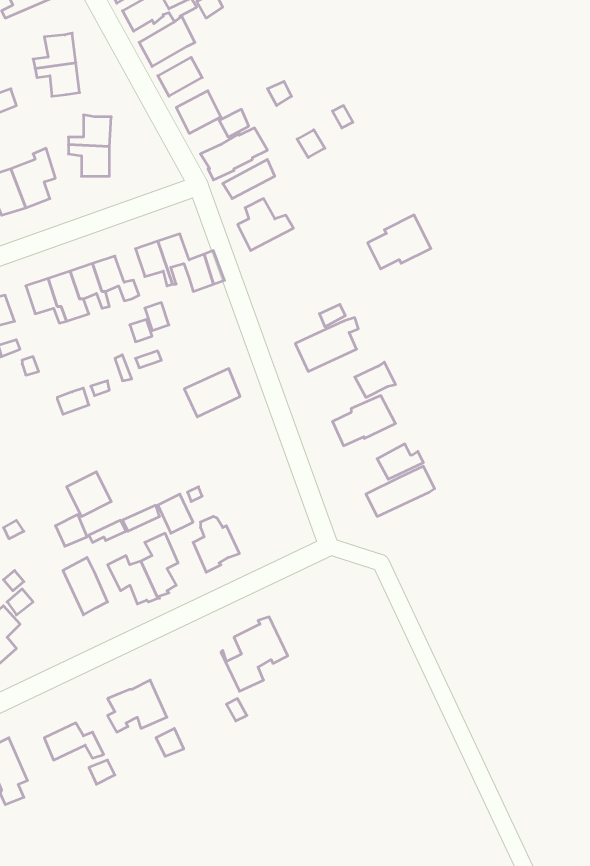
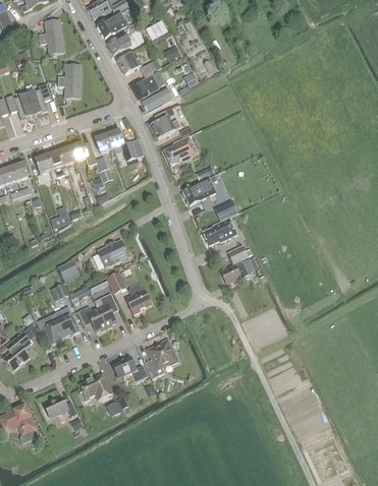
building: [368,215,431,269] -> [162,134,197,164]
building: [184,369,240,417] -> [97,240,127,266]
building: none -> [36,313,65,343]
building: none -> [112,356,147,380]

